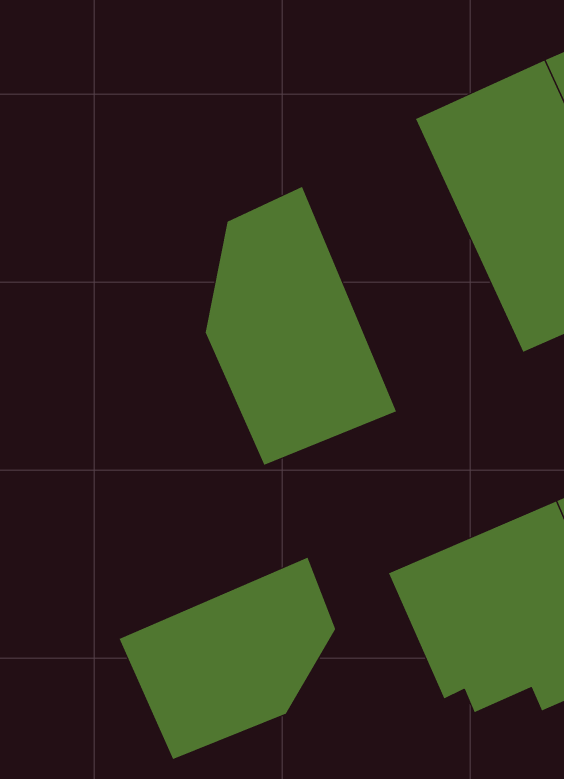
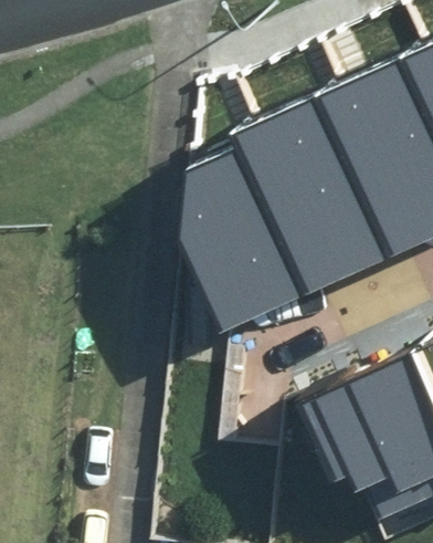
building: none -> [236,104,386,296]
building: [119,557,336,760] -> none

